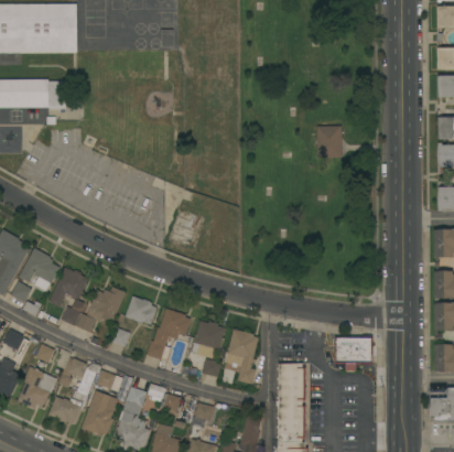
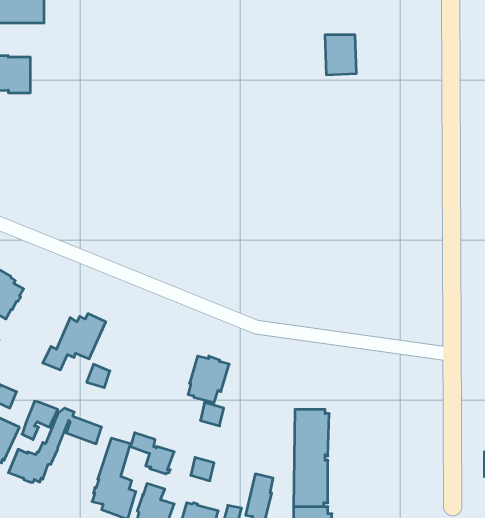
building: [317,127,343,159] -> [325,35,356,75]
building: [50,267,89,326] -> none
building: [126,297,156,324] -> none
building: [147,309,192,359] -> none
building: [226,329,259,385] -> none
building: [335,336,374,370] -> none
building: [82,390,118,435] -> none

